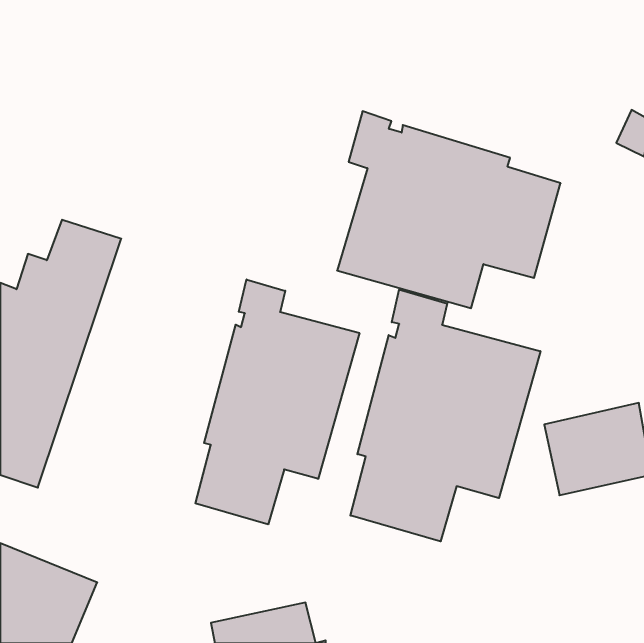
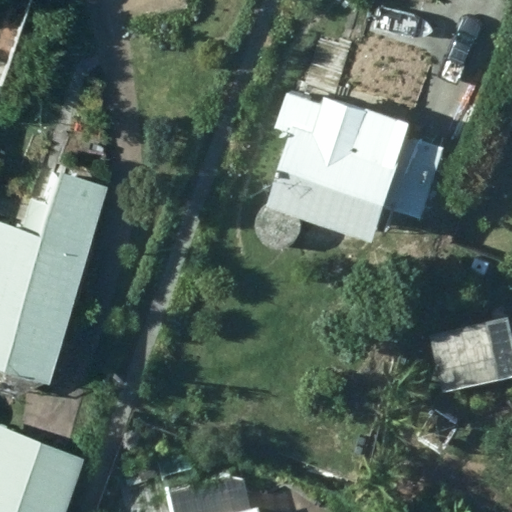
building: [195,279,359,524] -> none
building: [350,289,540,541] -> none

